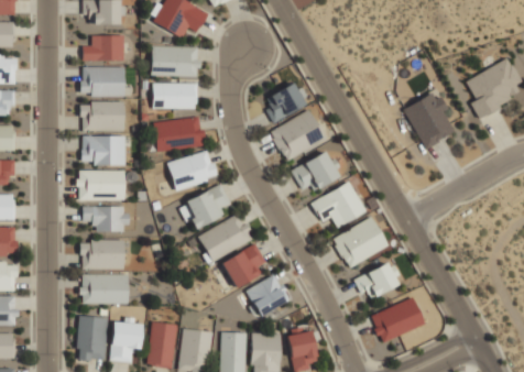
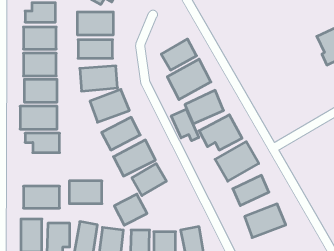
building: [404,90,457,146] -> none
building: none -> [171,109,199,141]
building: [80,239,123,269] -> [69,181,102,204]
building: [244,275,287,316] -> [114,194,147,225]

